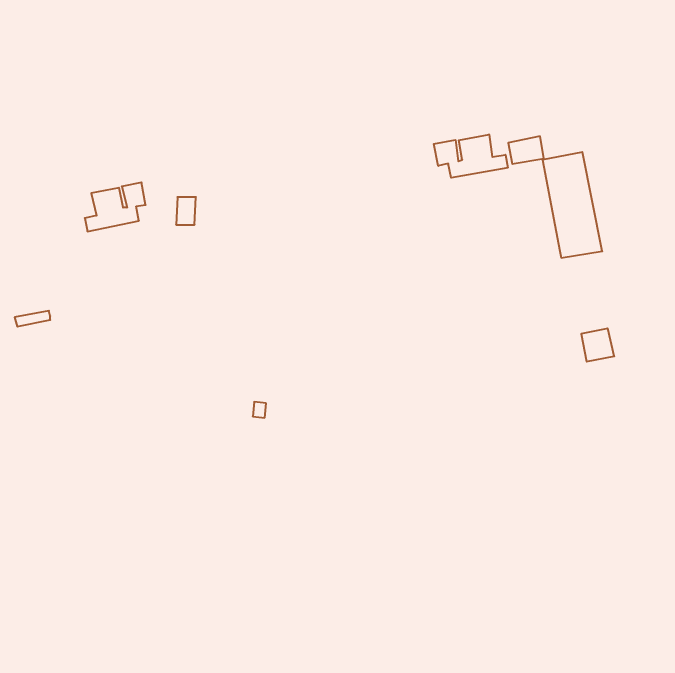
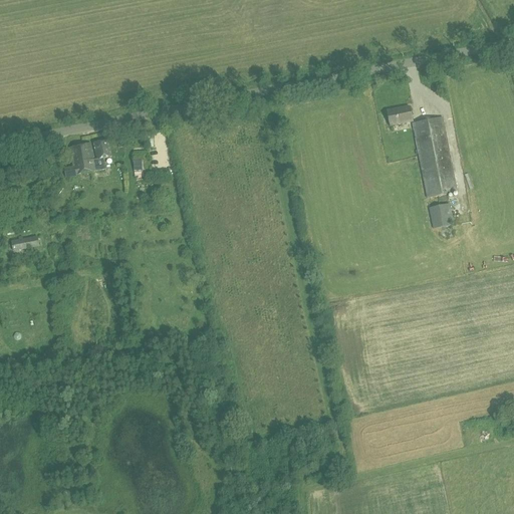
building: [434,134,508,178] -> none
building: [581,328,614,362] -> [429,202,454,227]

